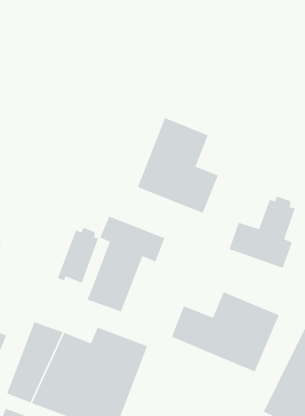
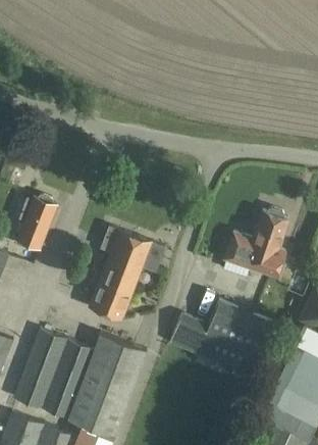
building: [137,117,219,214] -> none
building: [56,227,99,284] -> [15,196,56,250]

